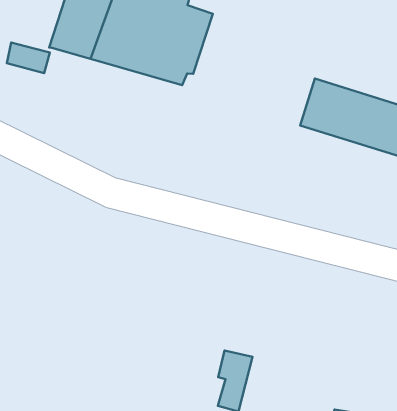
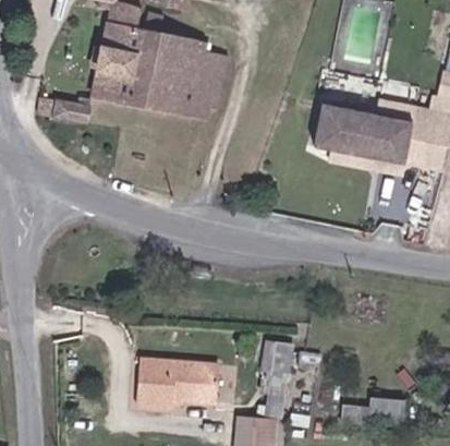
building: none -> [135,360,218,407]

